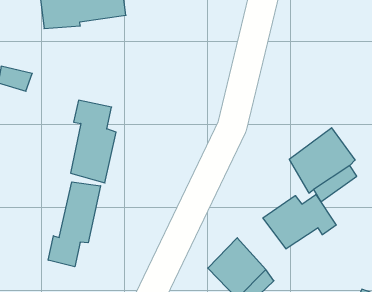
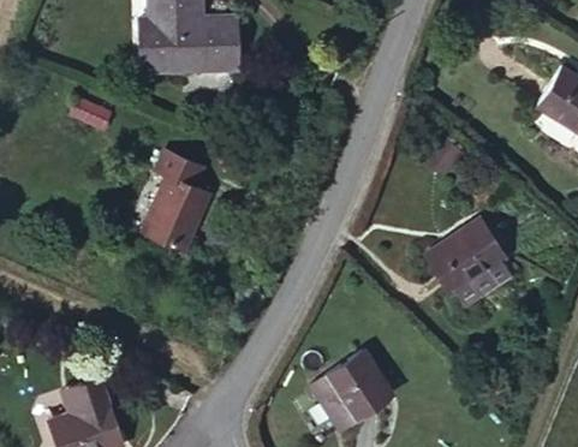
building: [48,182,101,267] -> none
building: [263,194,336,249] -> none

